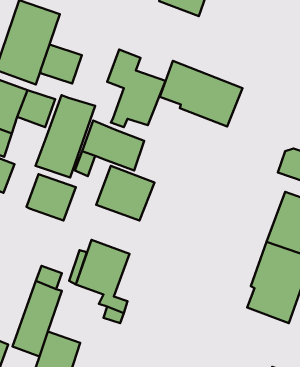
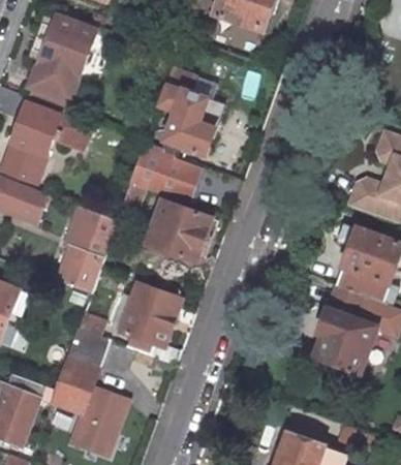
building: [41,44,82,83] -> none
building: [160,61,242,126] -> none
building: [35,95,95,177] -> none
building: none -> [56,246,107,296]

